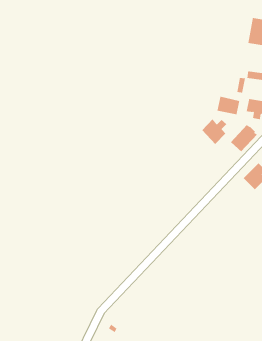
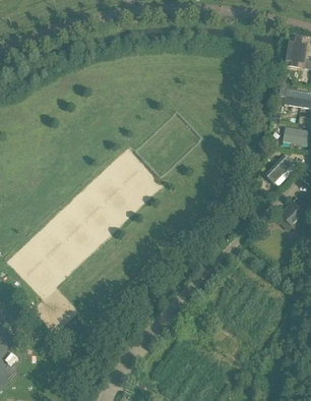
building: [217,96,240,115] -> none
building: [201,119,227,145] -> none

